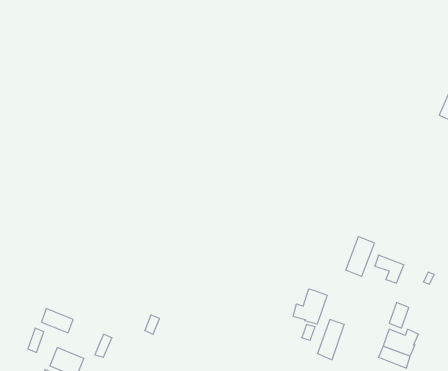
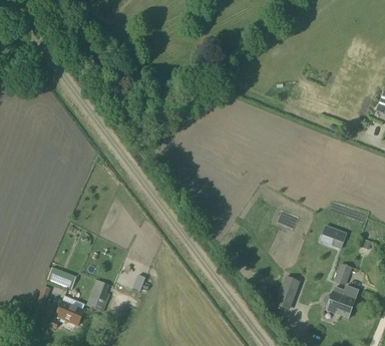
building: [346,237,374,276] -> none
building: [293,289,327,324] -> none

